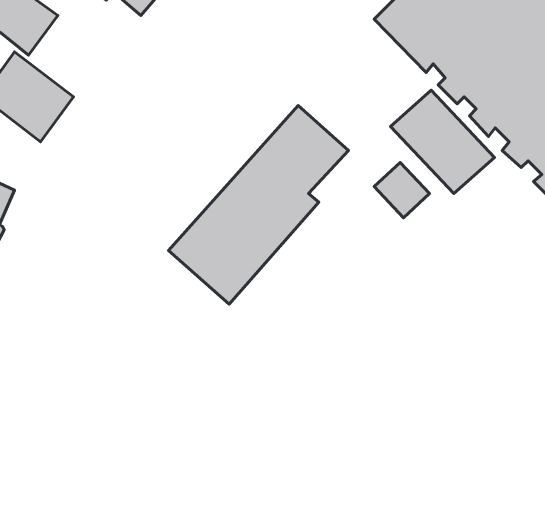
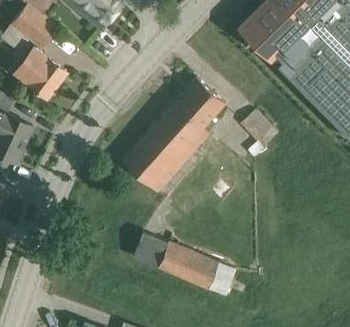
building: [390,90,495,194] -> none
building: none -> [130,231,235,298]

